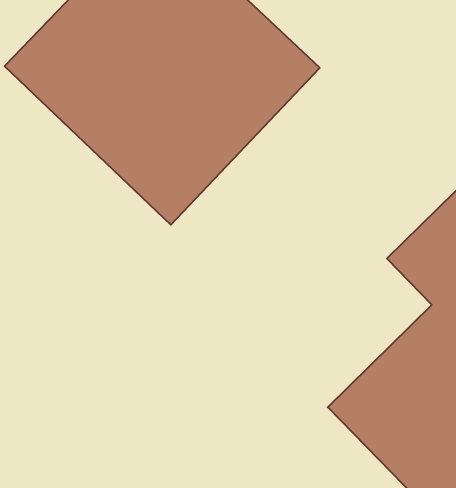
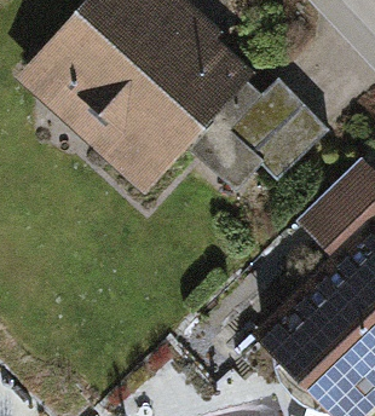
building: none -> [197,65,339,191]

